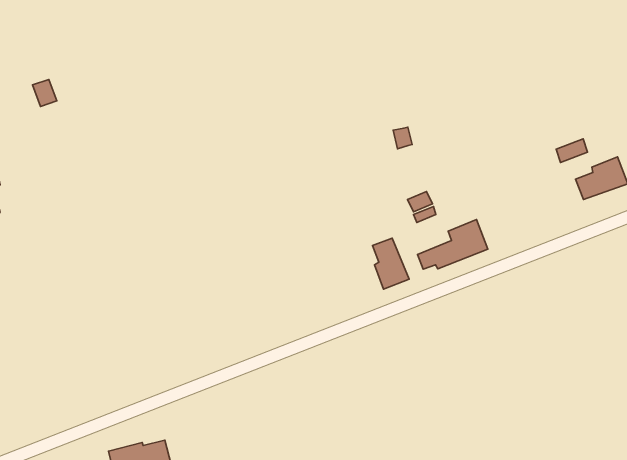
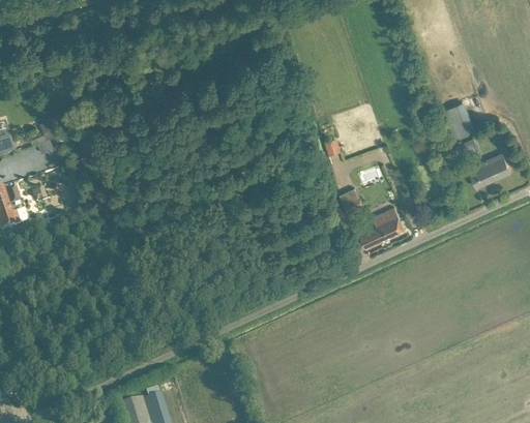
building: none -> [442,102,474,140]
building: [373,238,409,289] -> none

